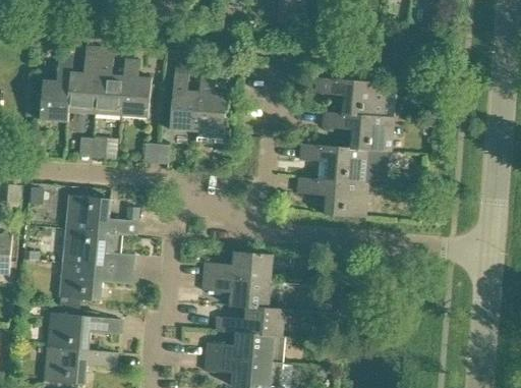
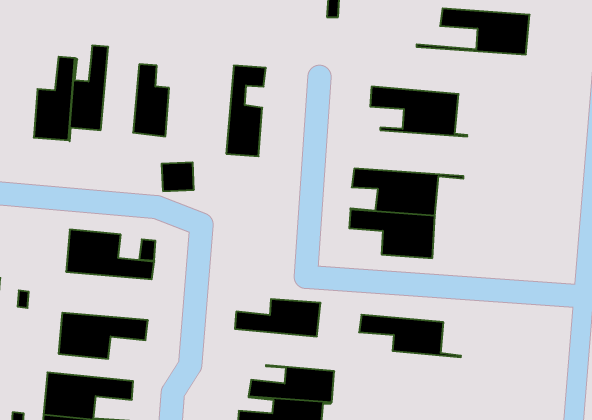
building: [94,45,125,115] -> none
building: [170,58,202,132] -> none
building: [301,113,394,151] -> [417,8,530,54]
building: [80,132,118,155] -> none
building: [62,229,135,269] -> none
building: [201,276,285,311] -> [359,315,461,357]

